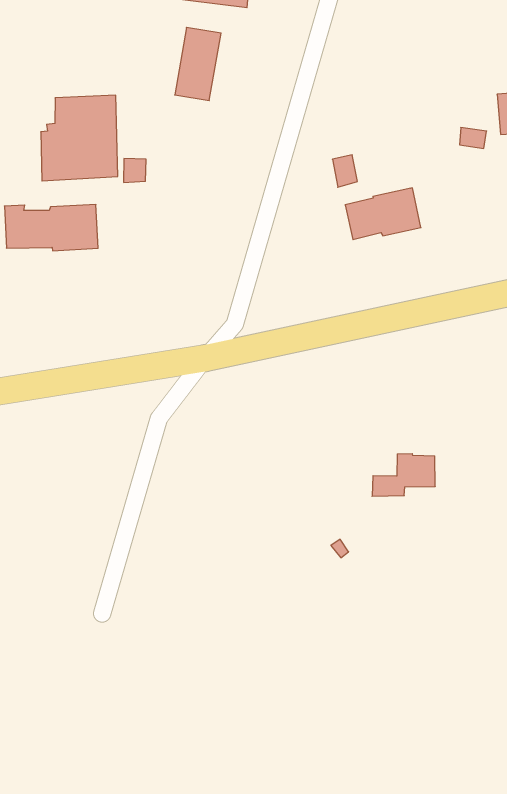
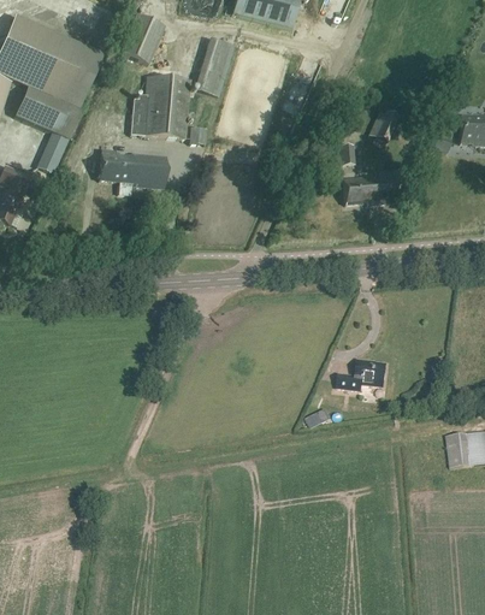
building: none -> [120,12,165,63]
building: [175,27,221,101] -> [196,36,235,90]
building: none -> [369,107,398,140]

